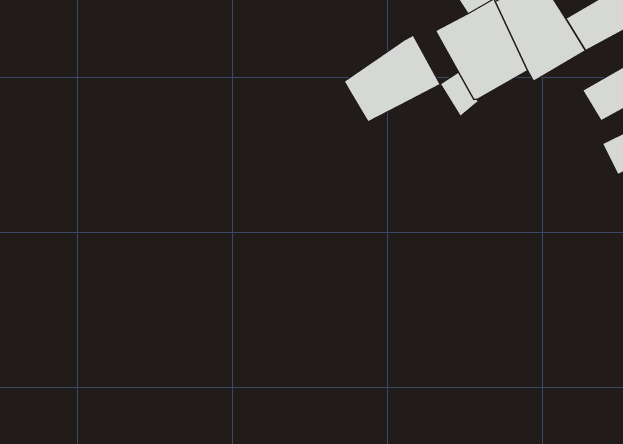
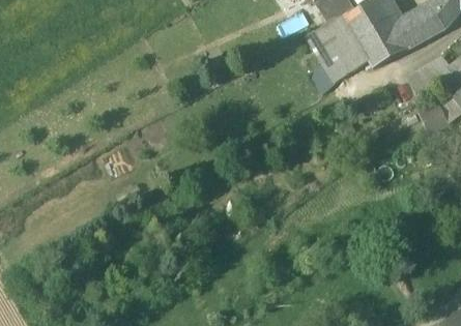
building: [344,35,440,122] -> none

